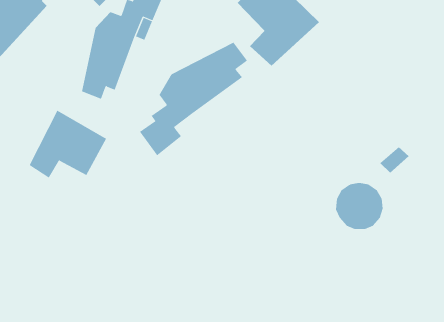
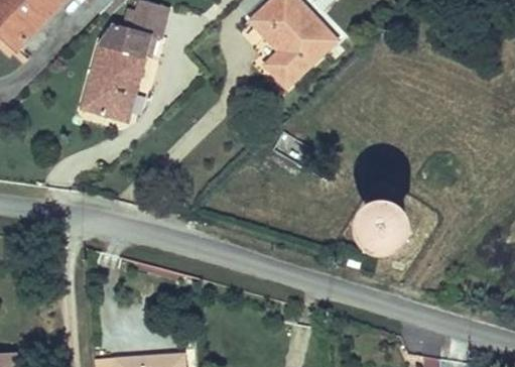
building: [139,42,248,156] -> none
building: [29,110,107,178] -> none

